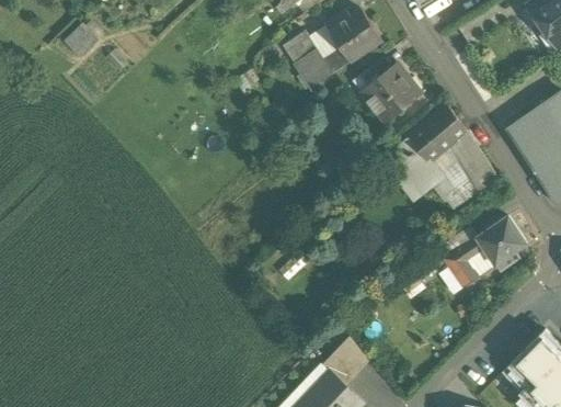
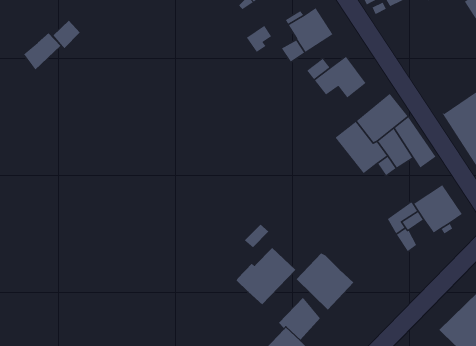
building: none -> [23,32,61,70]
building: [296,42,334,86] -> none
building: none -> [235,247,296,305]
building: none -> [296,252,354,311]

